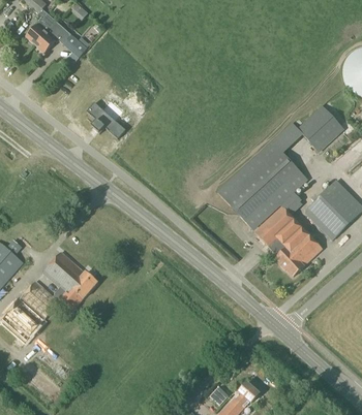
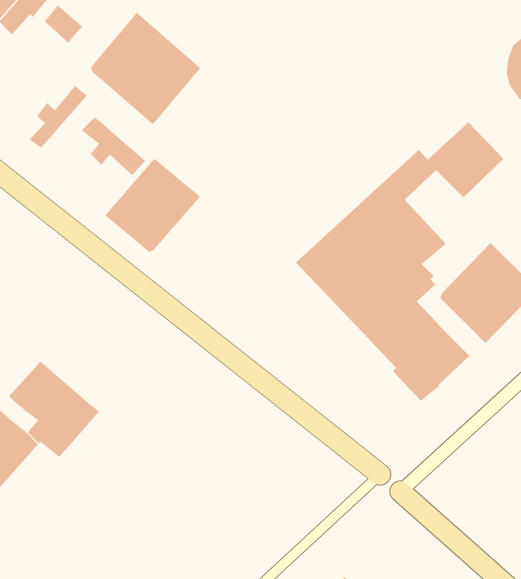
building: none -> [90,12,201,125]
building: none -> [29,85,87,149]
building: none -> [104,158,201,253]

